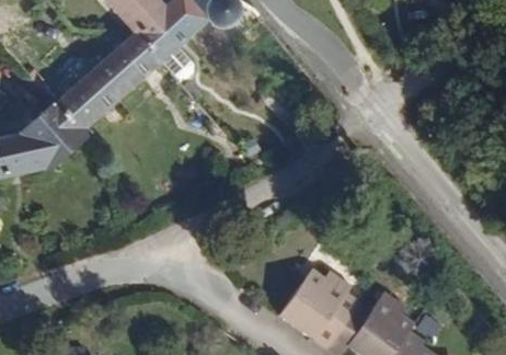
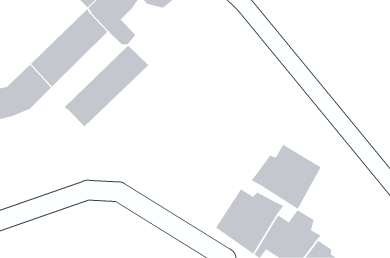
building: none -> [64,45,149,127]
building: none -> [251,144,322,210]

